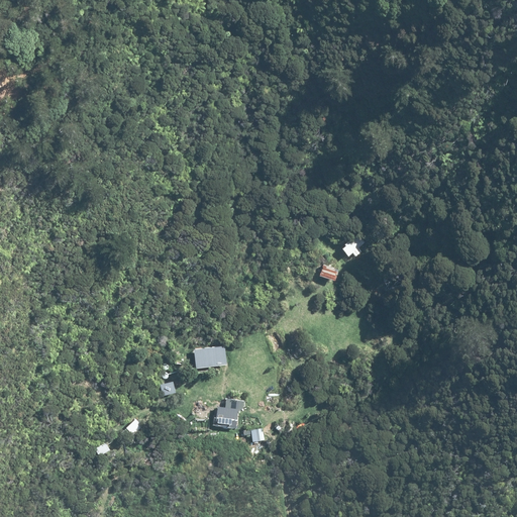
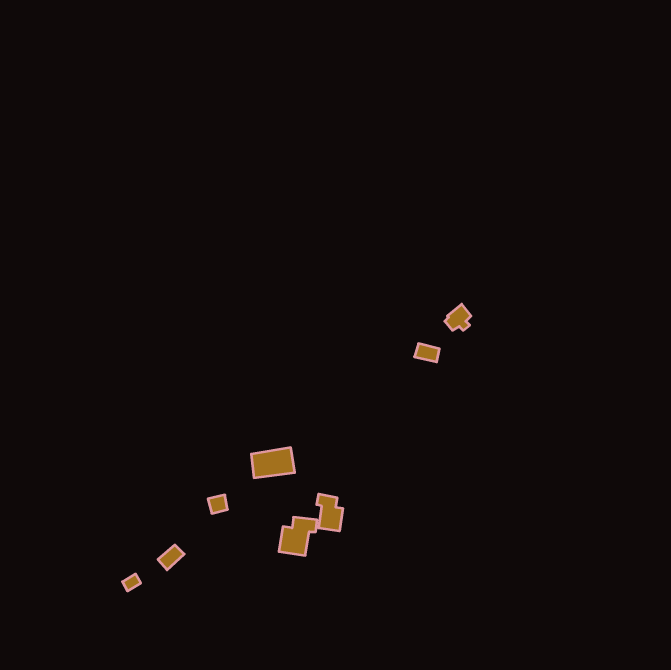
building: none -> [317,494,343,531]

